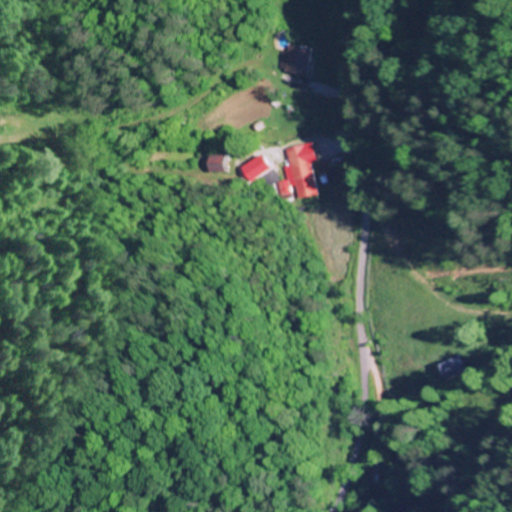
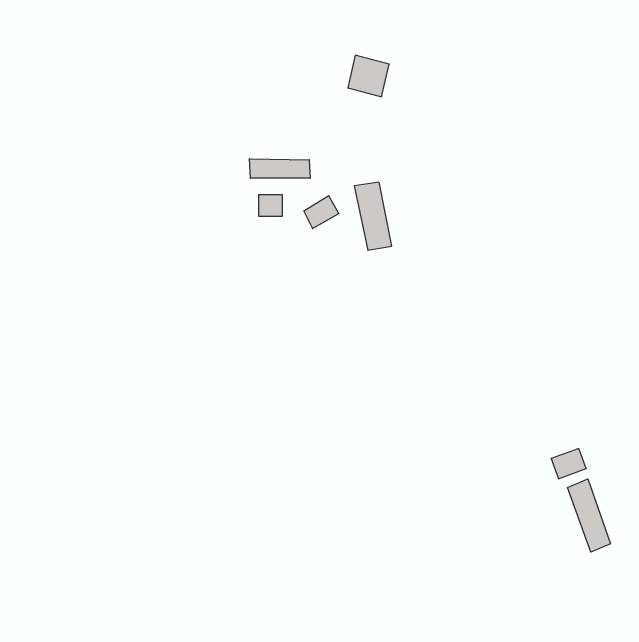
building: none -> [249,159,310,178]
building: none -> [568,479,610,552]

